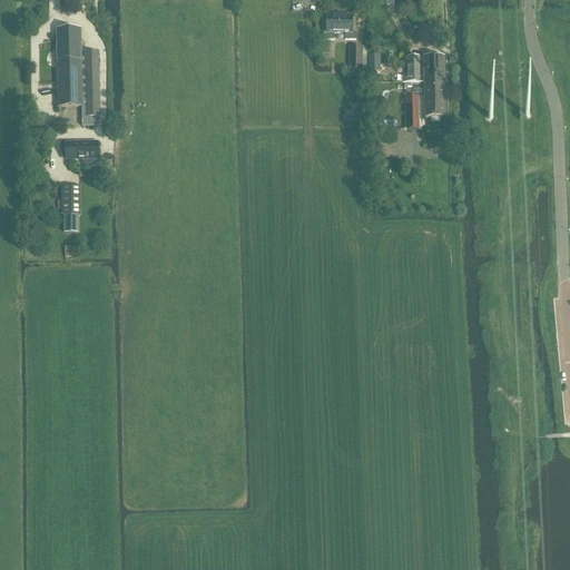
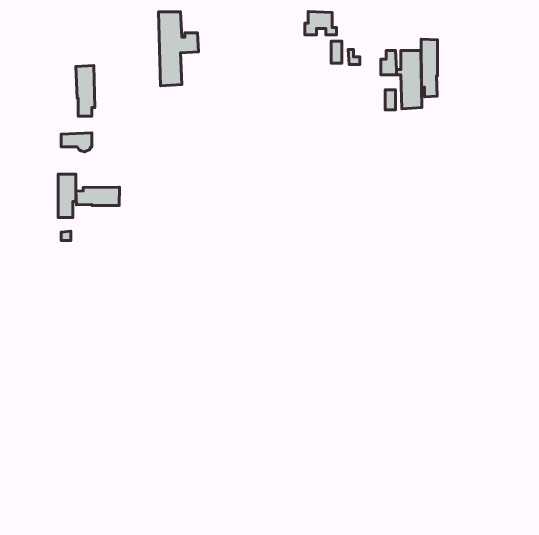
building: [57,27,99,105] -> [158,12,199,86]
building: none -> [421,39,437,97]
building: none -> [76,187,119,205]

